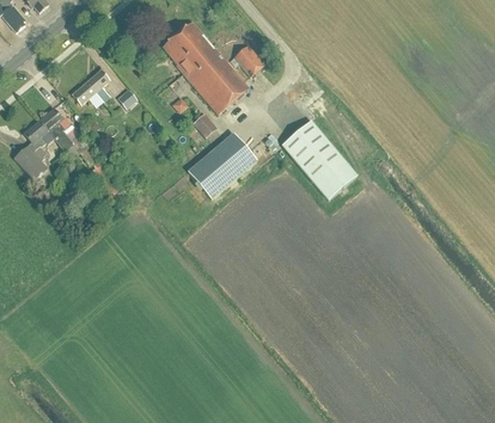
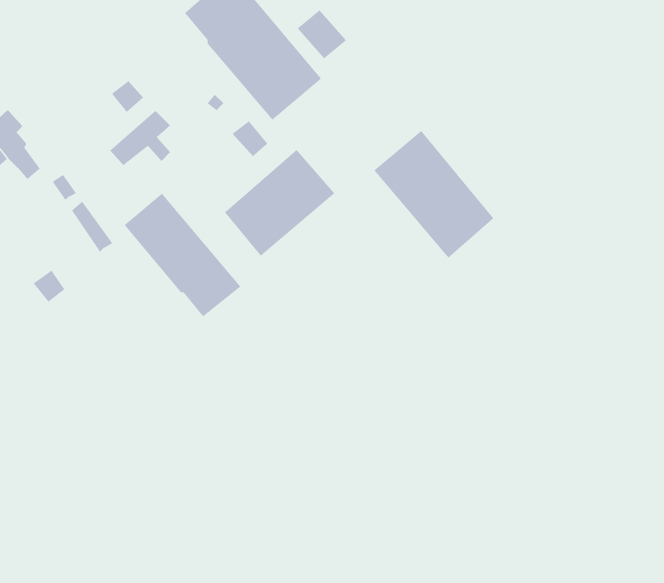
building: [71,69,109,104] -> [110,110,171,166]
building: none -> [124,193,241,317]

